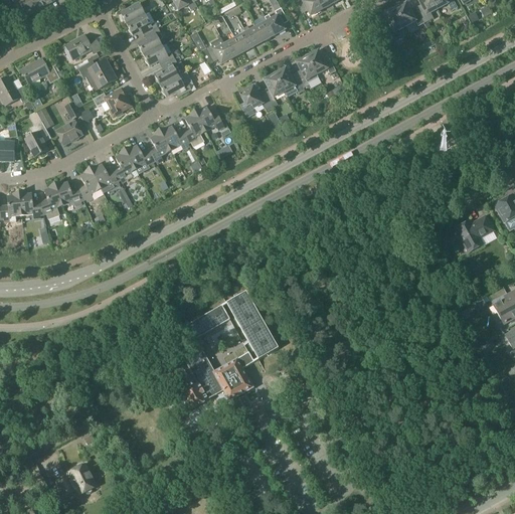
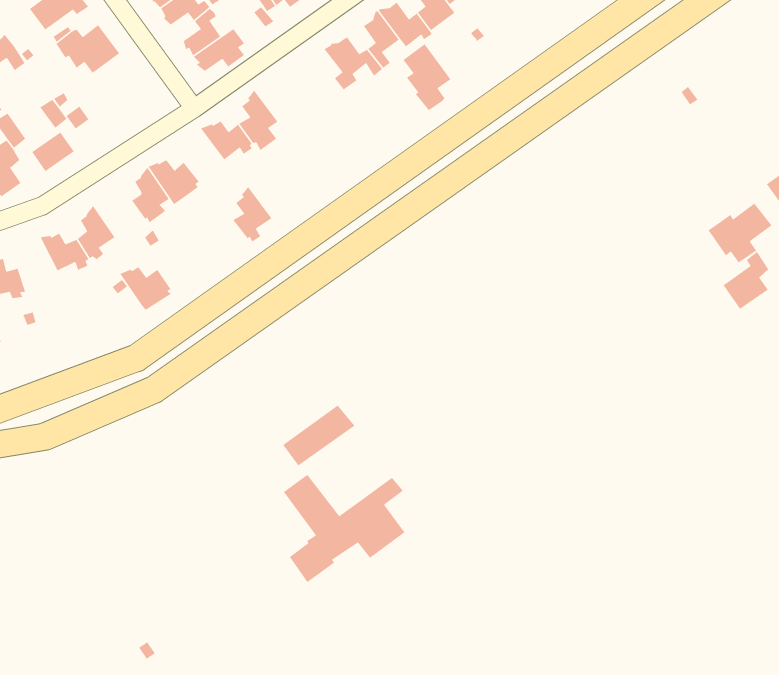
building: [94,90,130,117] -> none
building: none -> [402,43,452,112]
building: [194,107,224,131] -> none
building: [147,129,171,163] -> [232,186,272,243]
building: [90,164,120,191] -> [119,266,172,311]
building: [40,182,63,218] -> none
building: none -> [722,251,769,310]
building: [226,290,279,358] -> none

